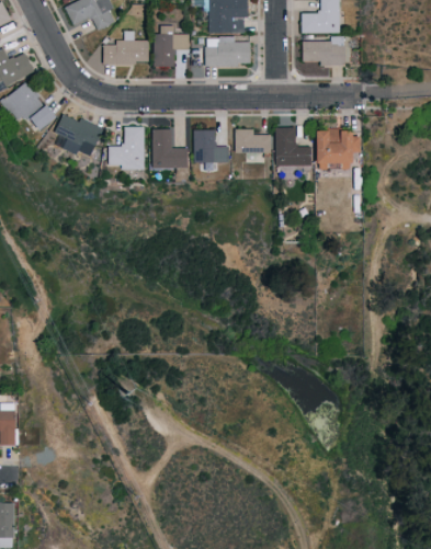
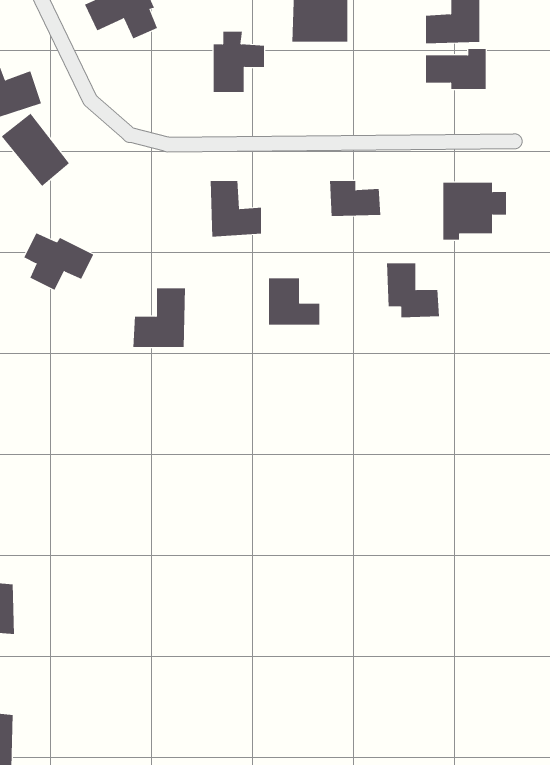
building: [103,31,148,66] -> none
building: [205,37,250,68] -> none
building: [54,115,103,156] -> [23,232,94,291]
building: [107,127,145,169] -> [132,288,186,348]
building: [274,128,311,167] -> [386,263,440,318]
building: [193,130,229,163] -> [268,278,320,325]

